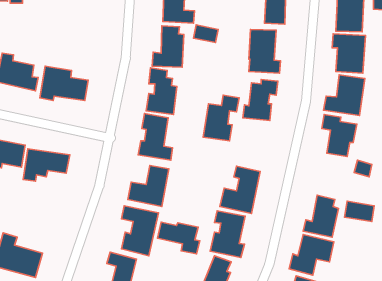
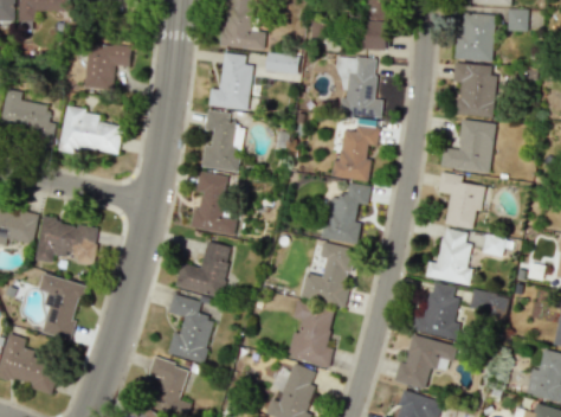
building: none -> [85,44,131,88]
building: [203,95,239,141] -> [322,182,370,244]
building: none -> [426,229,472,284]
building: none -> [38,274,85,341]
building: [157,222,200,254] -> none

